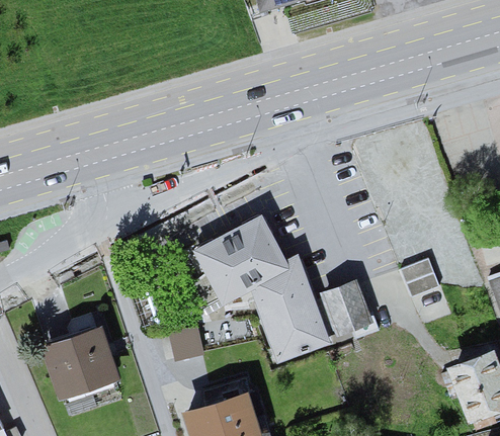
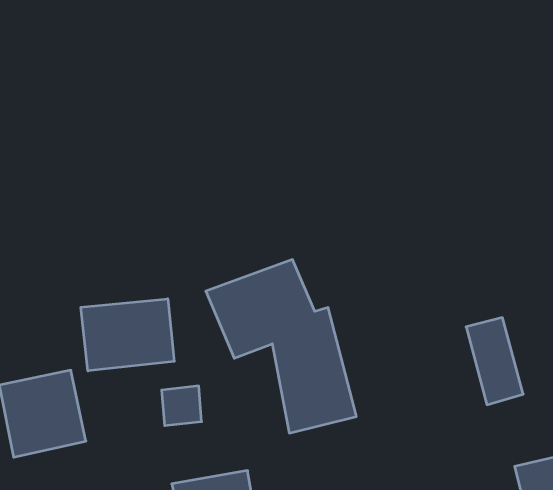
building: none -> [81,299,174,371]
building: [325,279,371,332] -> none

